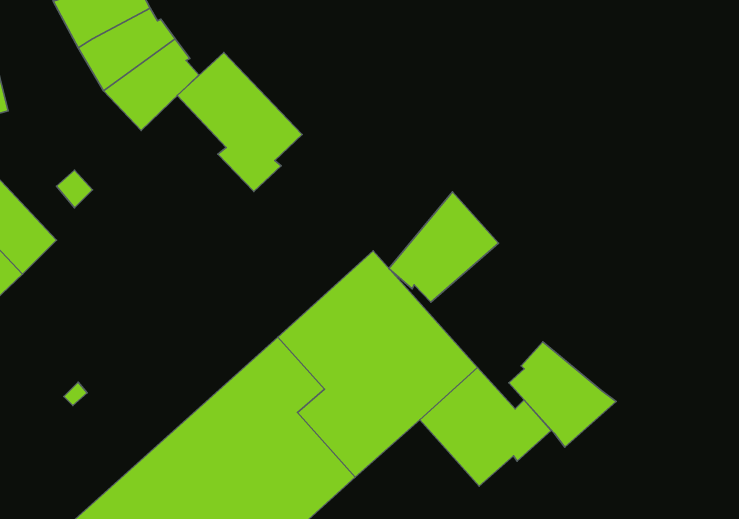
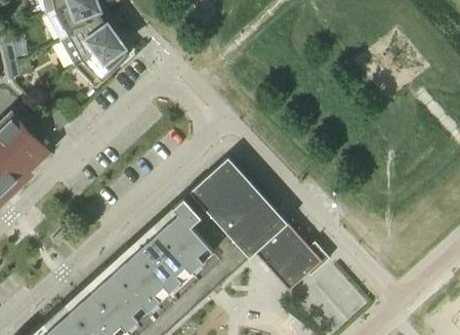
building: [177,52,302,192] -> none
building: [389,192,498,302] -> none
building: [509,342,616,447] -> none

